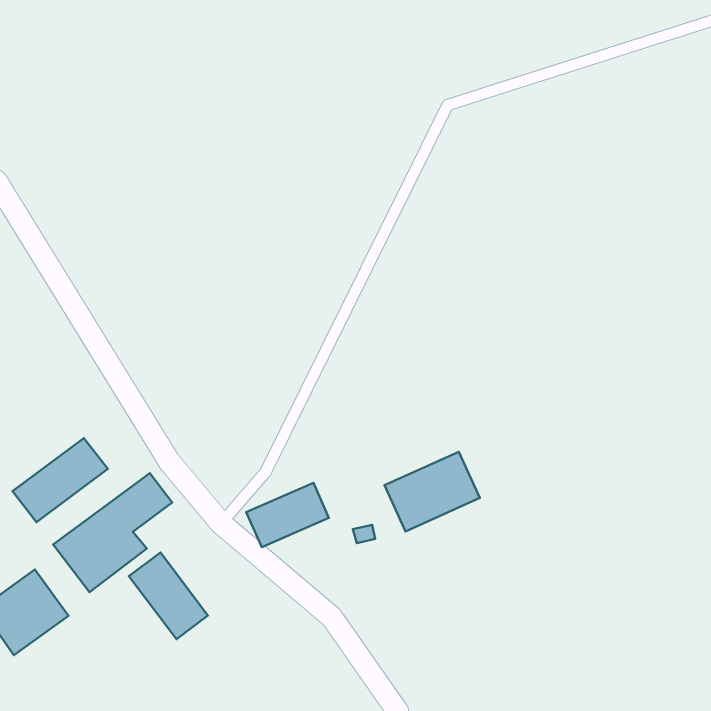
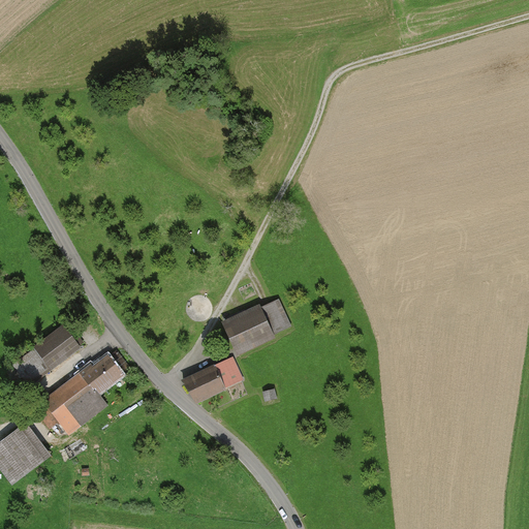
building: [385,452,480,531] -> [221,295,291,354]
building: [129,553,208,639] -> none

